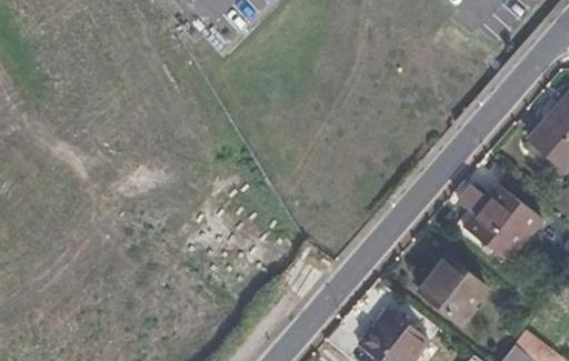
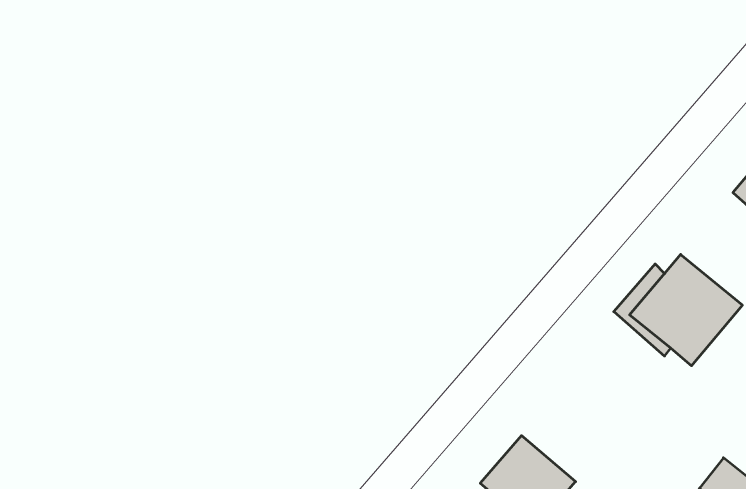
building: [418,254,486,327] -> none

